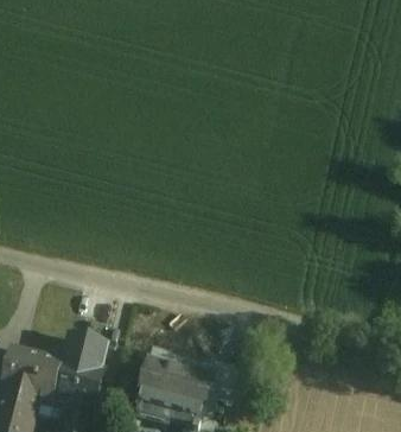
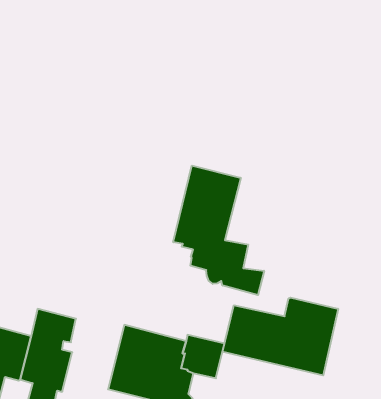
building: none -> [173,166,264,295]
building: none -> [222,298,338,375]

